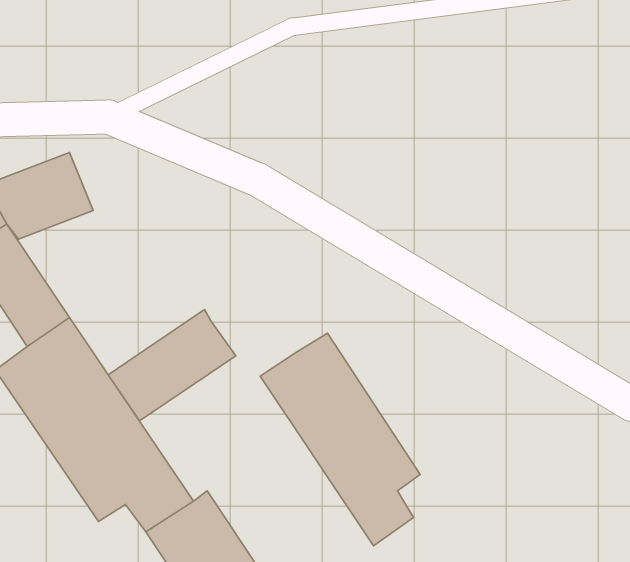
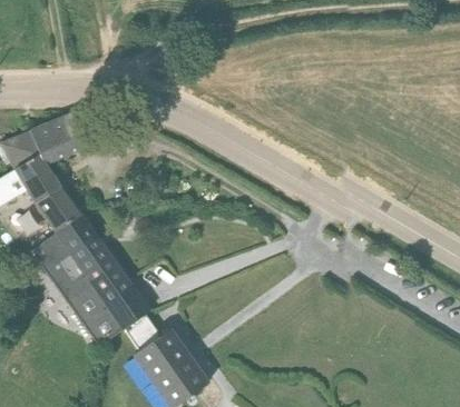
building: [108,310,236,421] -> none
building: [260,333,420,546] -> none

